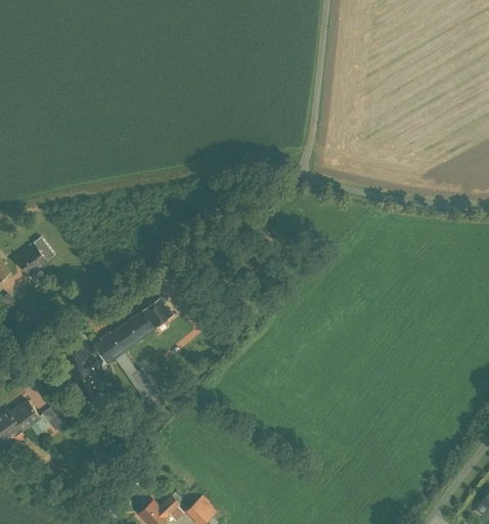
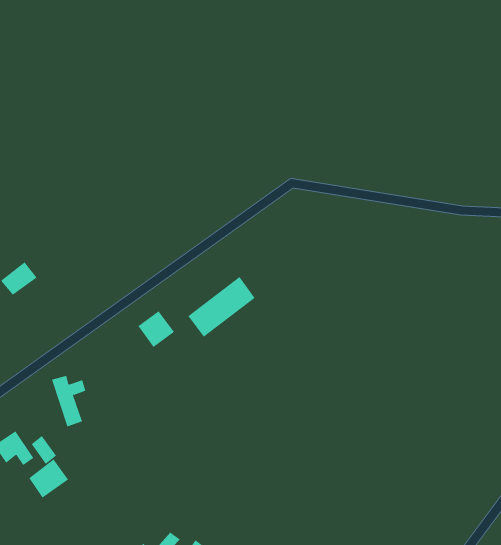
building: [94,308,155,363] -> [188,276,256,338]
building: none -> [29,458,69,499]

